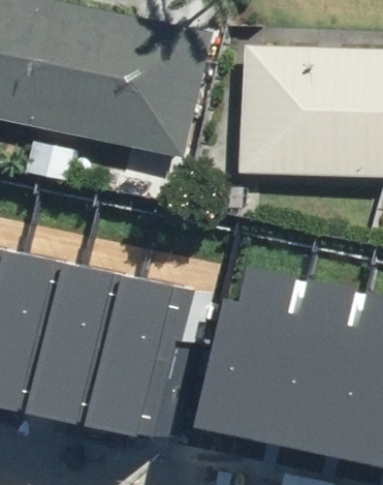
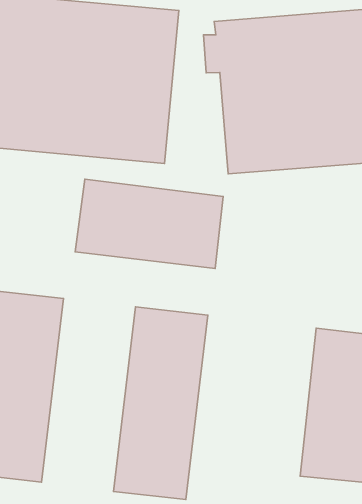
building: none -> [75,179,223,269]
building: [52,264,147,430] -> none
building: [211,299,296,434] -> none

